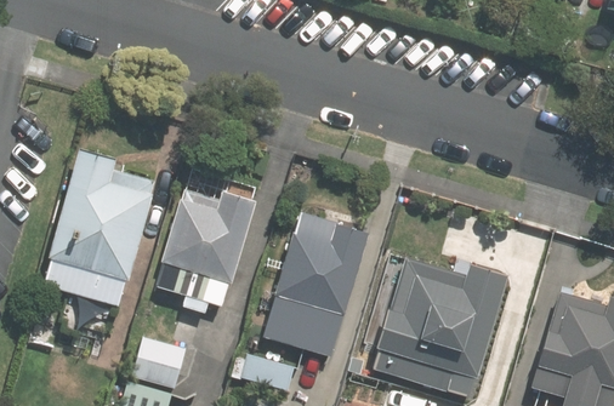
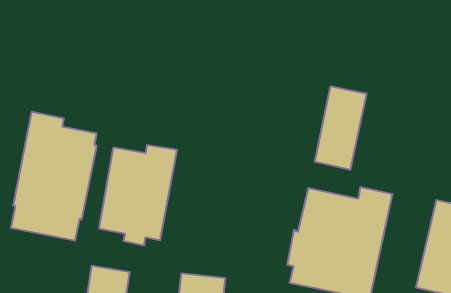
building: none -> [315,86,366,170]
building: [256,210,370,359] -> none

